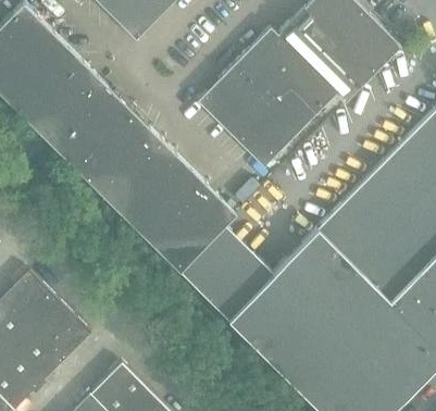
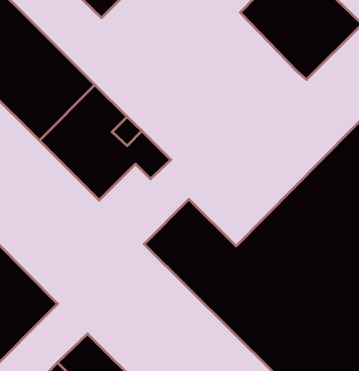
building: [197,27,335,167] -> none
building: [134,185,236,271] -> none

